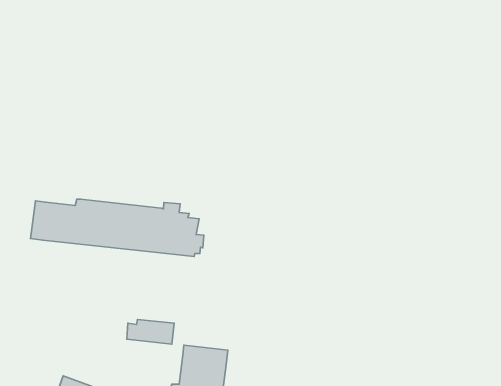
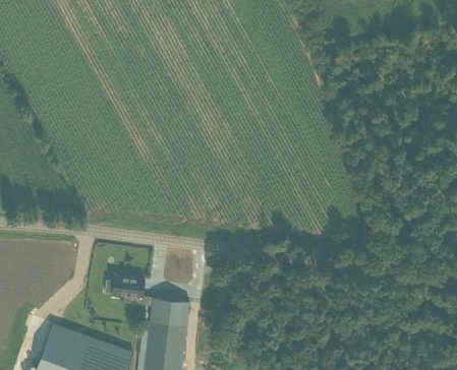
building: [31,199,204,257] -> none

